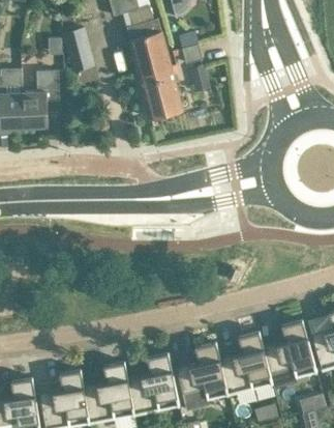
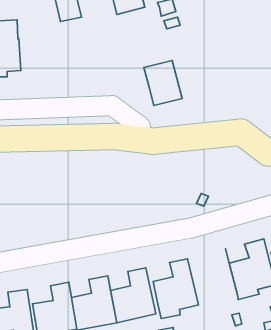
building: [140,67,183,119] -> [144,60,182,106]
building: [24,72,60,126] -> none
building: [216,331,273,396] -> none

